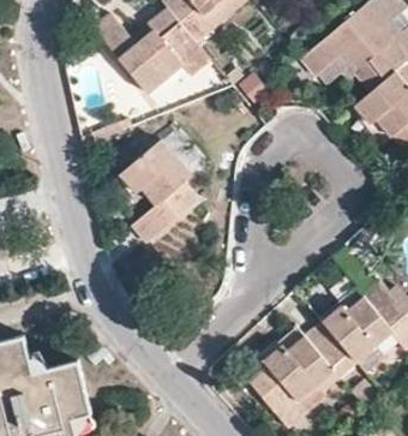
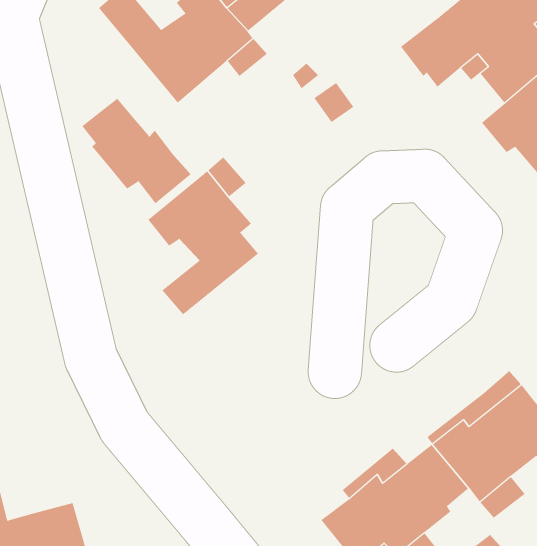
building: none -> [82,98,191,204]

